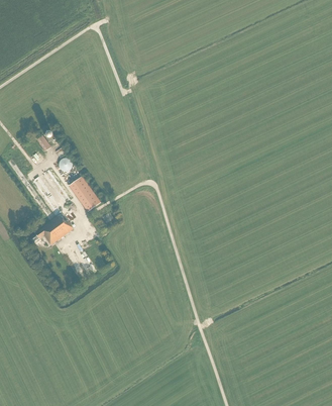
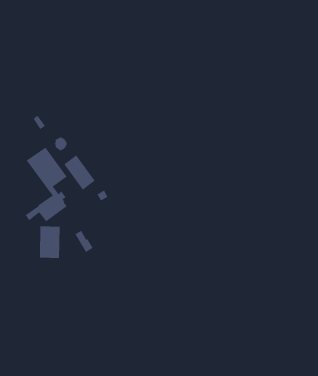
building: none -> [39,225,60,259]

